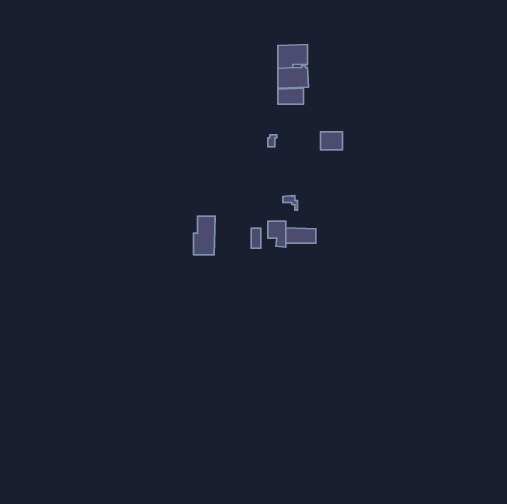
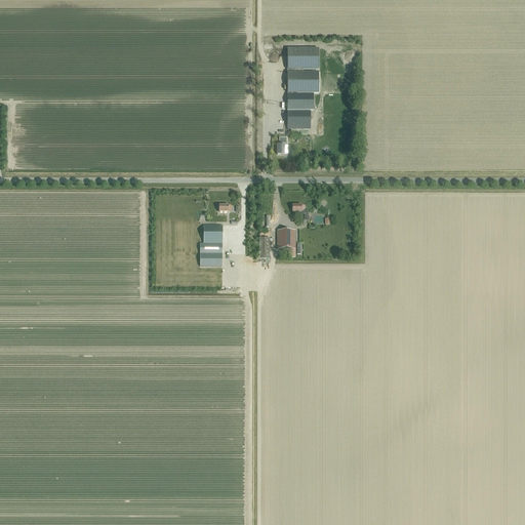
building: [321,132,342,150] -> [287,109,310,127]
building: [286,228,316,243] -> none

